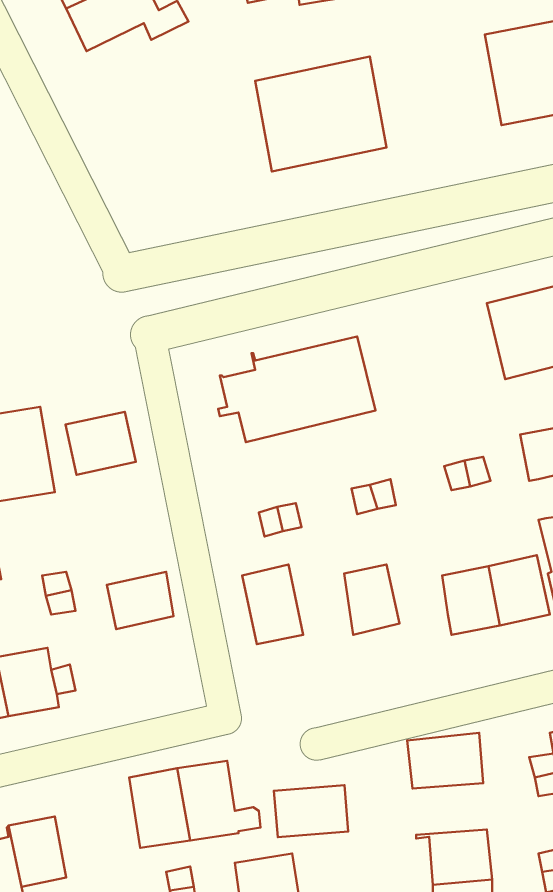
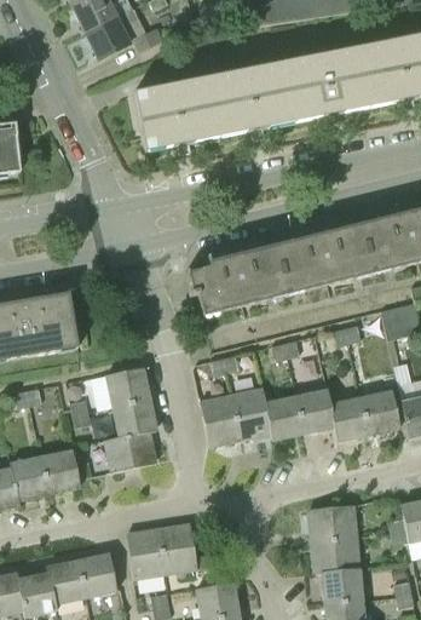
building: none -> [283,47,369,121]
building: none -> [133,78,219,151]
building: none -> [275,223,371,293]
building: [65,412,136,475] -> [104,366,150,407]
building: none -> [230,386,271,440]
building: none -> [294,386,334,432]
building: none -> [104,427,156,471]
building: [274,785,348,837] -> [311,536,359,570]
building: none -> [77,552,117,598]

